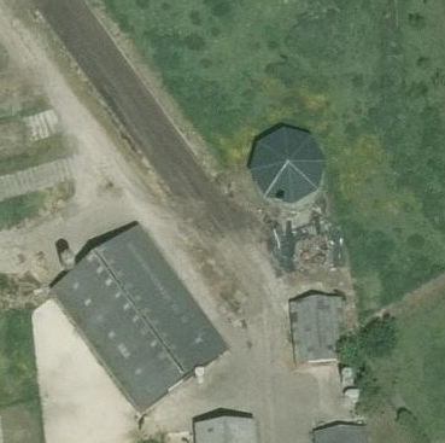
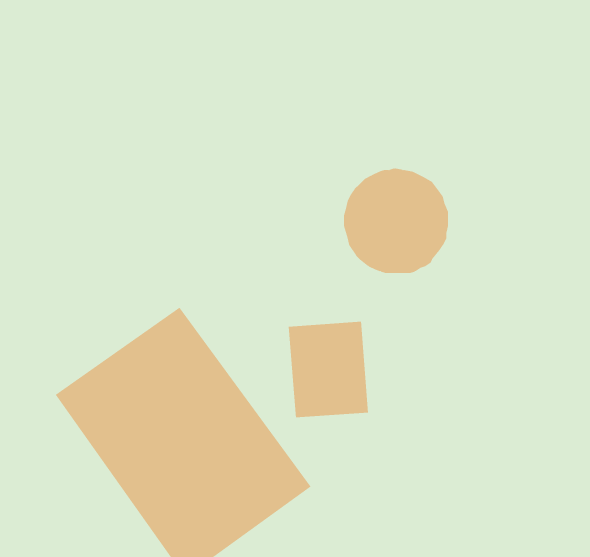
building: [289,295,345,361] -> [288,321,369,418]

